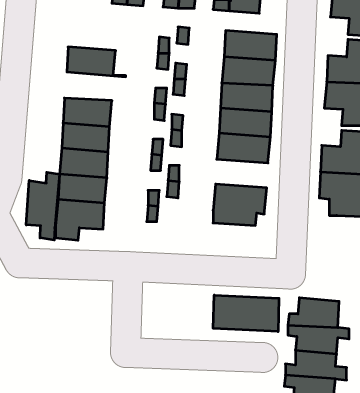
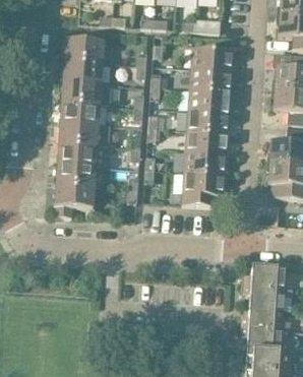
building: none -> [64,38,104,62]
building: none -> [61,79,111,104]
building: none -> [184,150,227,174]
building: [26,172,59,240] -> none
building: [213,295,279,332] -> none

